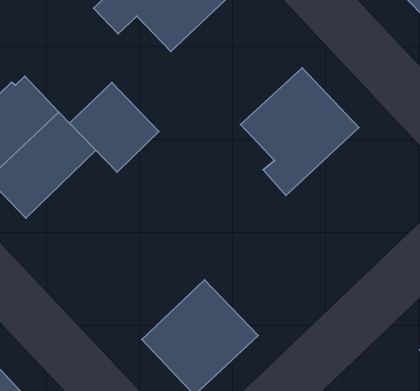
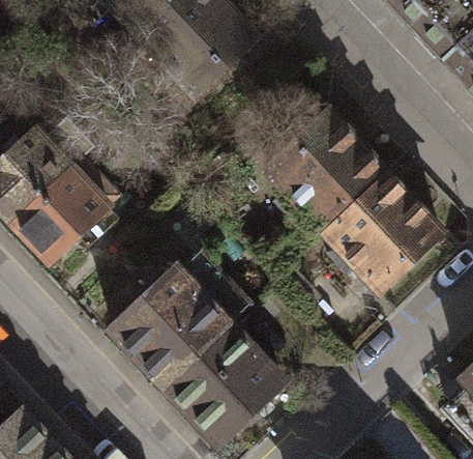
building: [69,83,159,172] -> none
building: none -> [328,170,445,287]
building: none -> [114,250,255,383]

